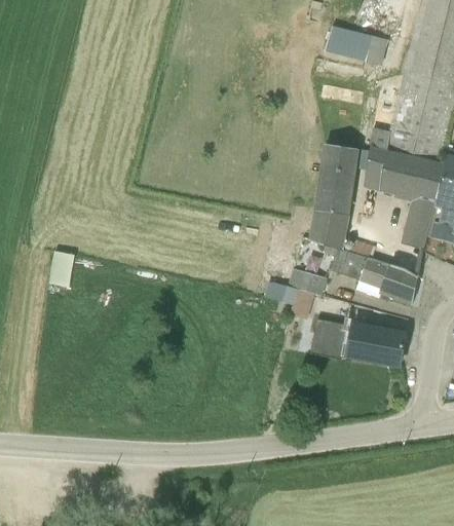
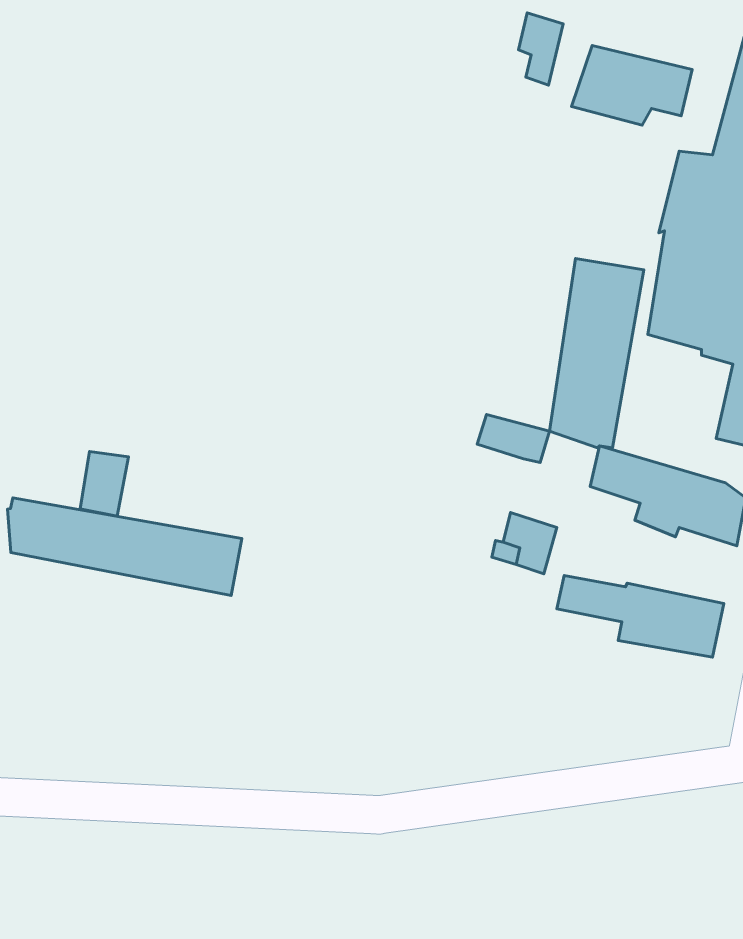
building: none -> [519,13,563,85]
building: [288,268,328,295] -> [477,414,549,463]
building: none -> [7,498,242,595]

